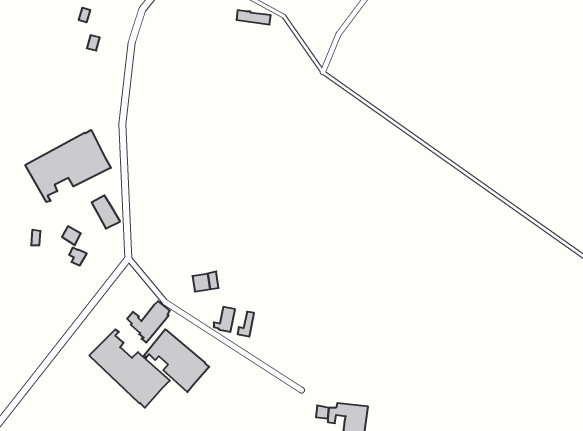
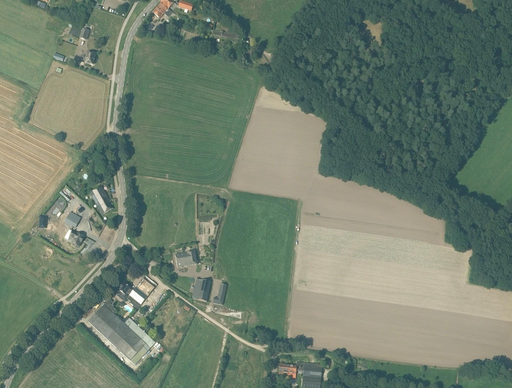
building: [25,130,111,202] -> none
building: [144,329,209,392] -> none

